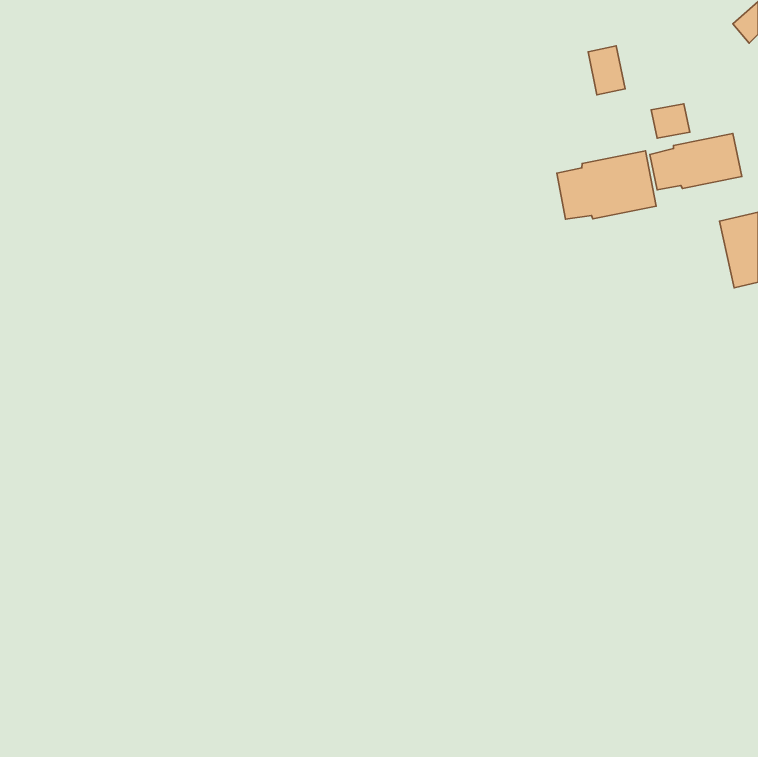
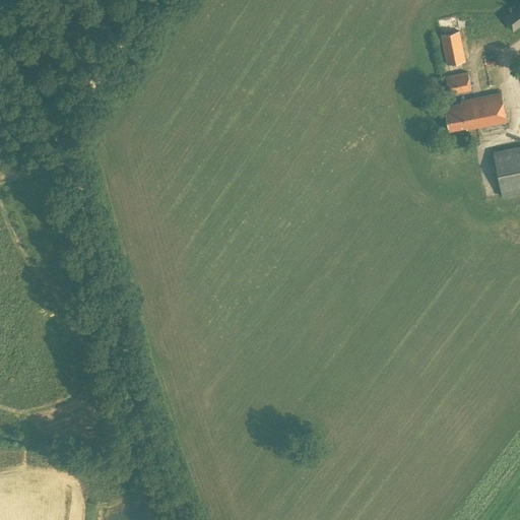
building: [588,46,625,95] -> [441,31,466,65]
building: [557,151,656,219] -> none

